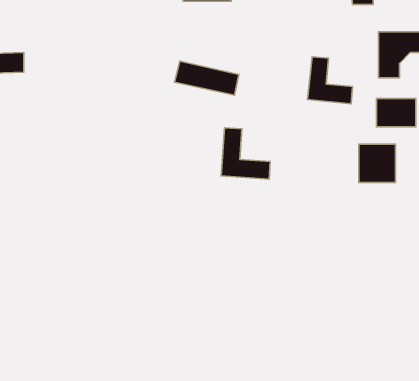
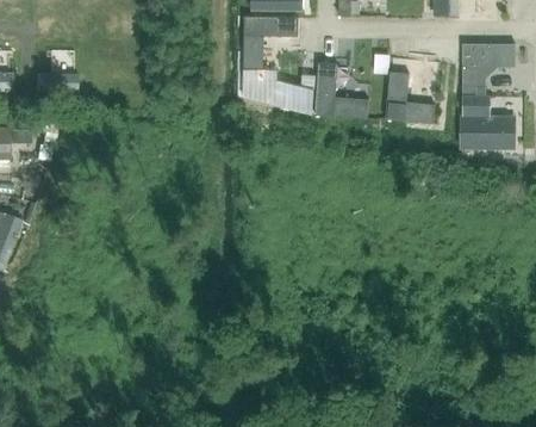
building: none -> [243,17,297,69]
building: [221,128,270,179] -> [313,62,367,118]
building: [359,144,396,182] -> none

